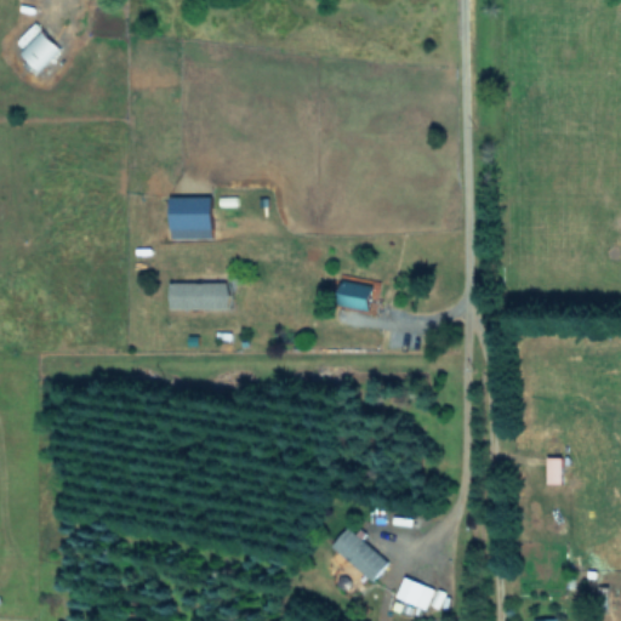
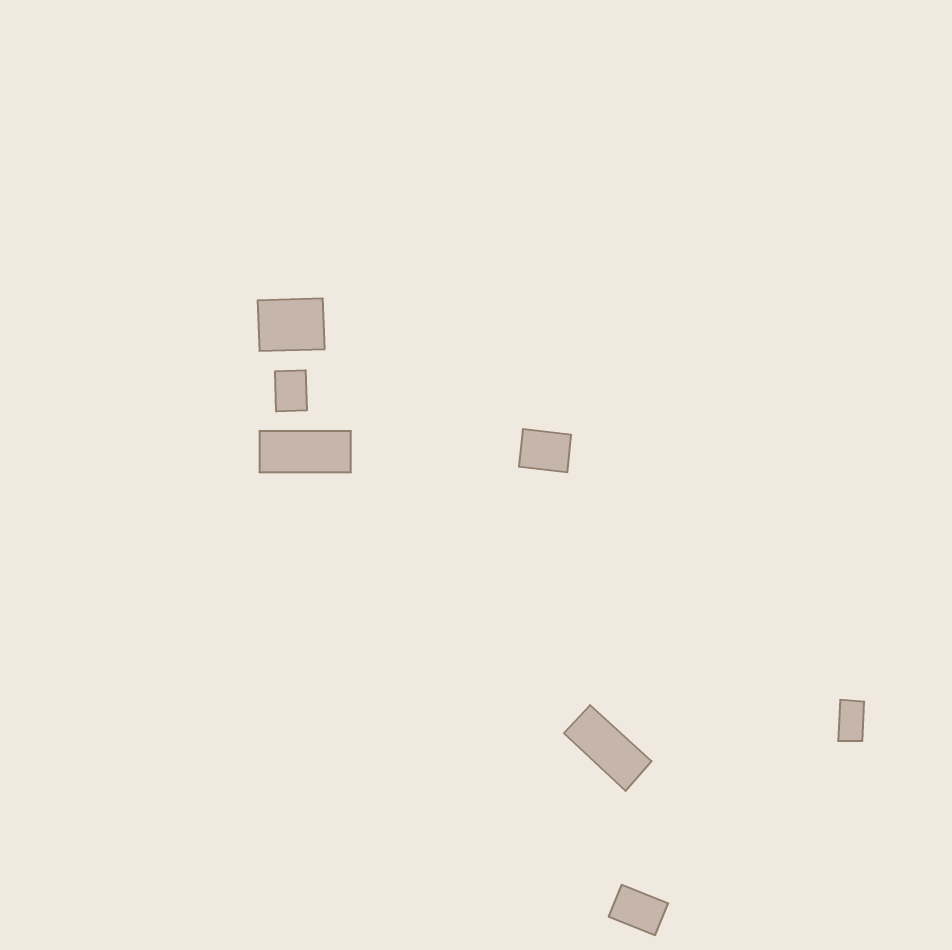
building: [19,30,59,70] -> none
building: none -> [275,370,307,412]
building: [331,526,388,582] -> [564,705,652,791]

